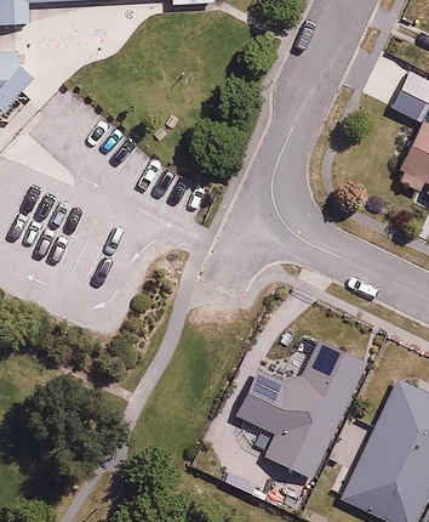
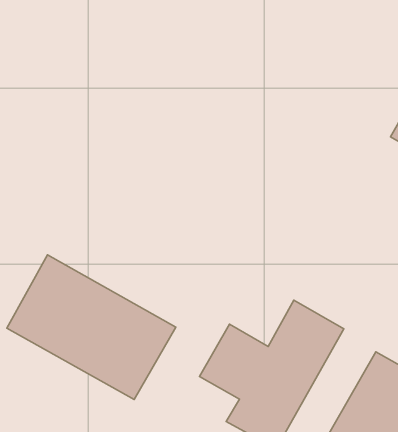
building: none -> [7,255,176,399]

